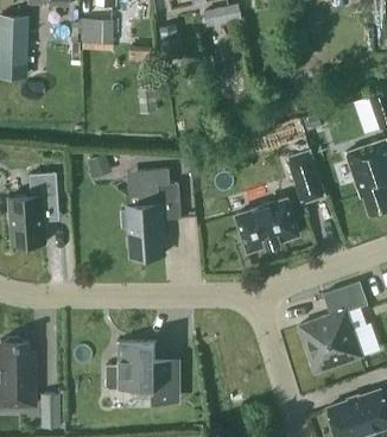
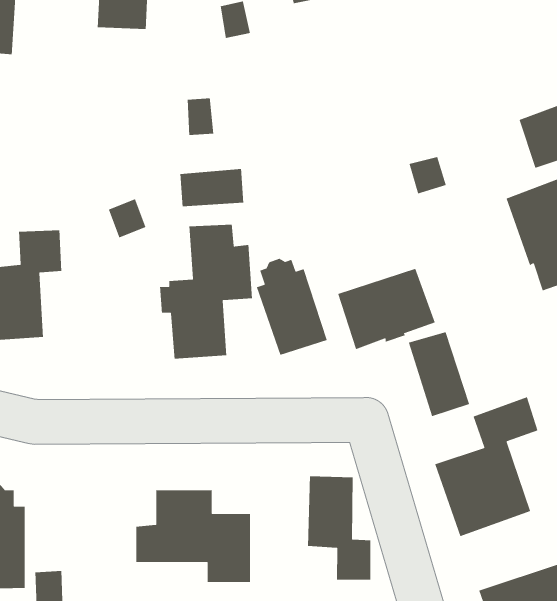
building: none -> [179,168,244,207]
building: [286,148,326,204] -> [408,331,470,417]
building: none -> [256,258,328,356]
building: none -> [307,475,371,580]

